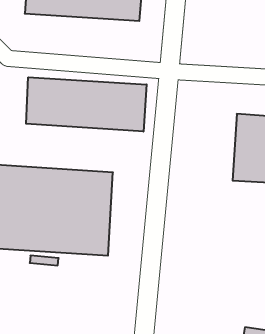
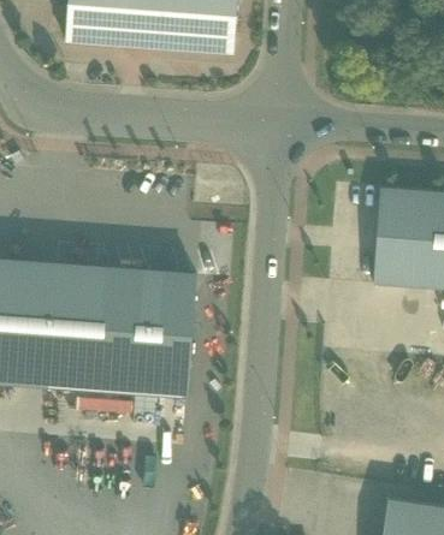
building: [26,77,147,132] -> none

